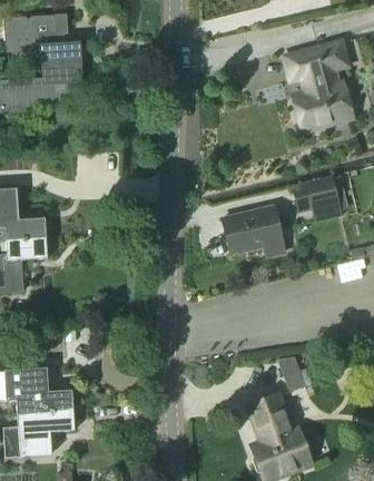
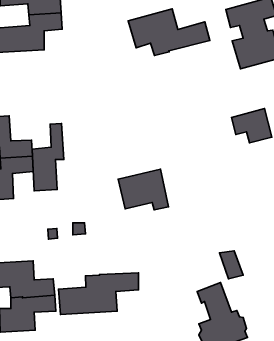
building: none -> [128,9,210,55]
building: none -> [32,124,64,191]
building: [222,205,284,255] -> [118,169,168,210]
building: none -> [59,273,139,314]

